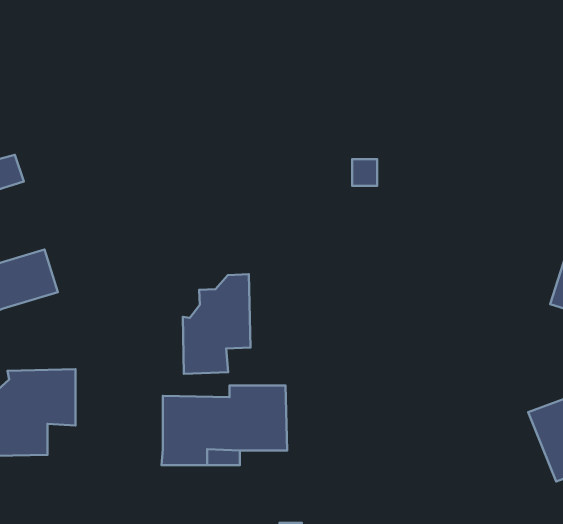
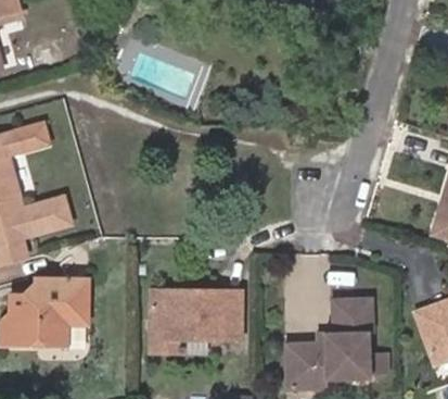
building: [183,274,251,374] -> none
building: none -> [285,299,387,389]

